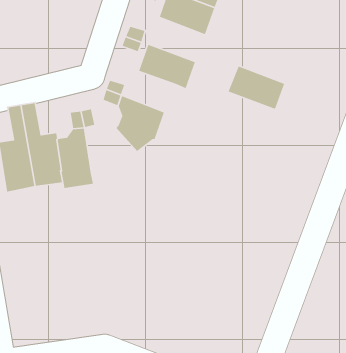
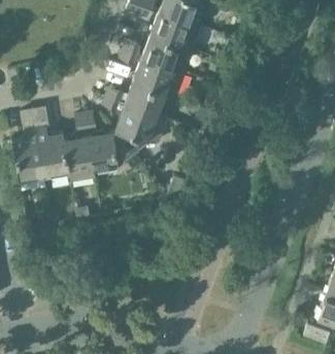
building: [228,66,285,110] -> [140,36,190,74]
building: none -> [124,82,164,117]
building: none -> [87,131,131,170]

